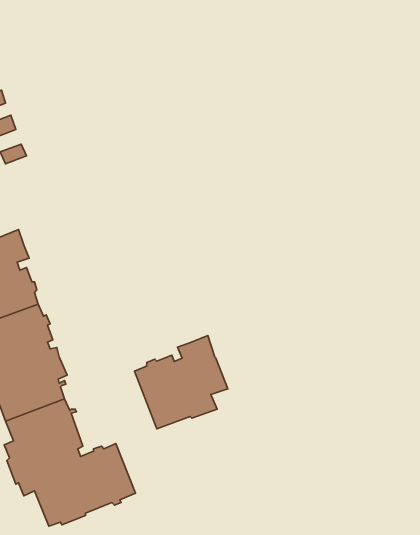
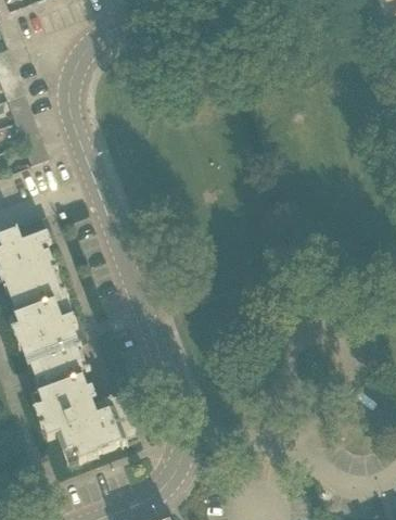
building: [134,336,228,429] -> none

